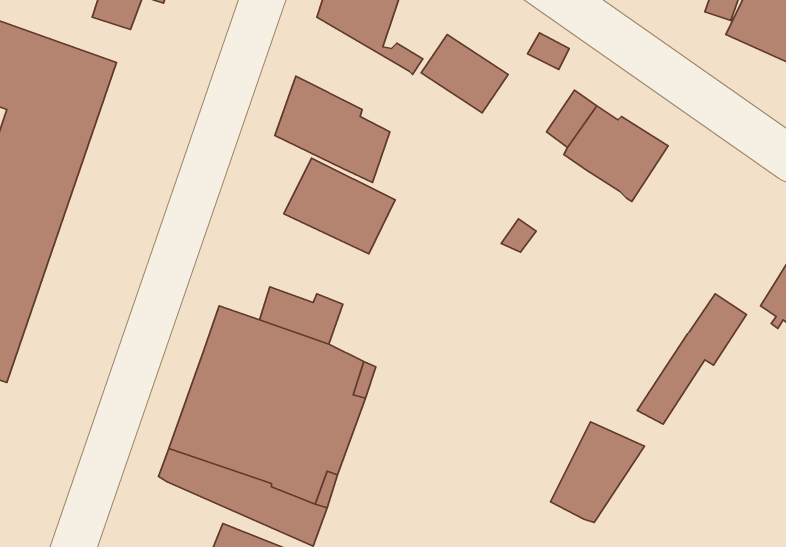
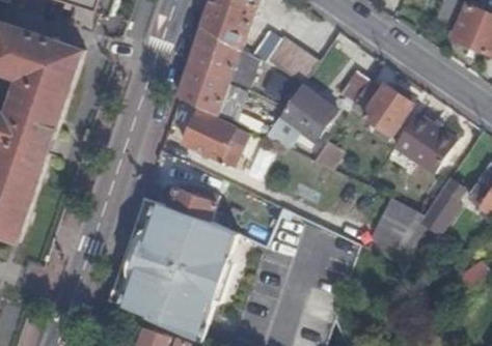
building: none -> [189,25,256,86]
building: none -> [277,83,334,139]
building: none -> [392,111,455,172]
building: [551,422,645,523] -> [366,199,422,259]

